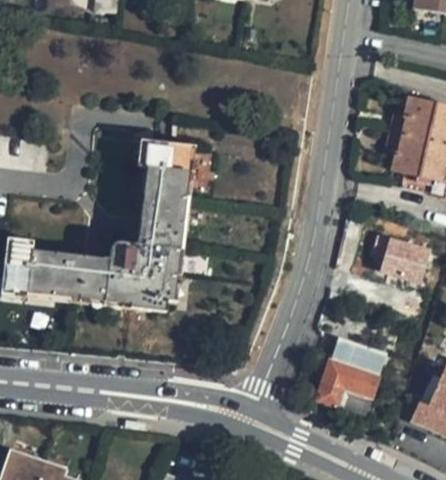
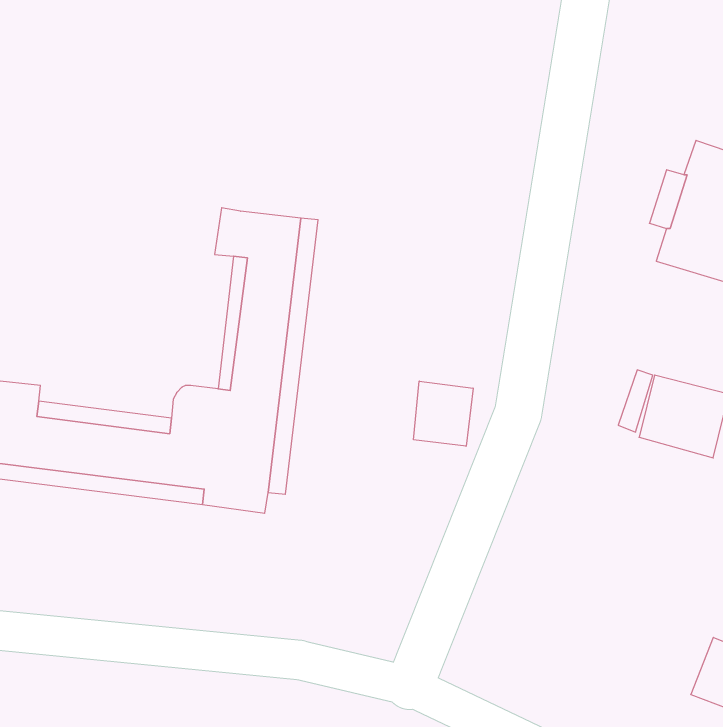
building: none -> [414,381,473,446]
building: [318,338,386,416] -> none

